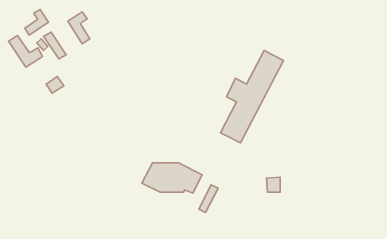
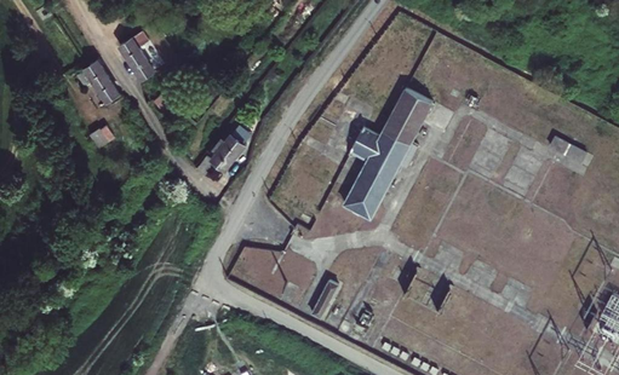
building: [25,9,48,35] -> none
building: [8,36,42,67] -> none
building: none -> [195,132,245,172]

